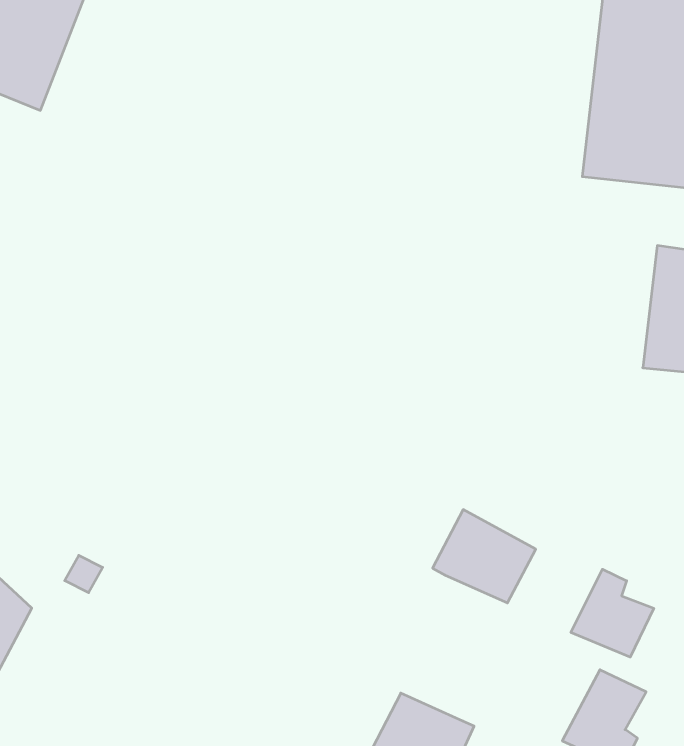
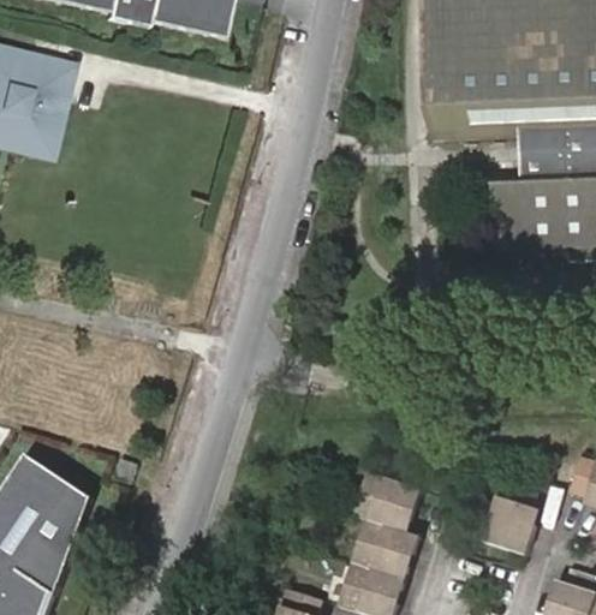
building: [433,510,536,603] -> [354,471,425,532]
building: [571,569,654,657] -> none

